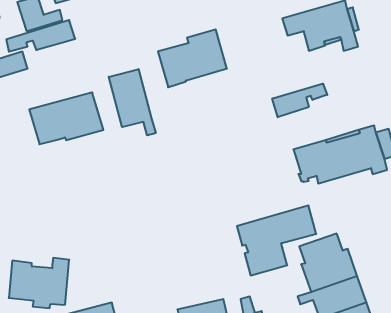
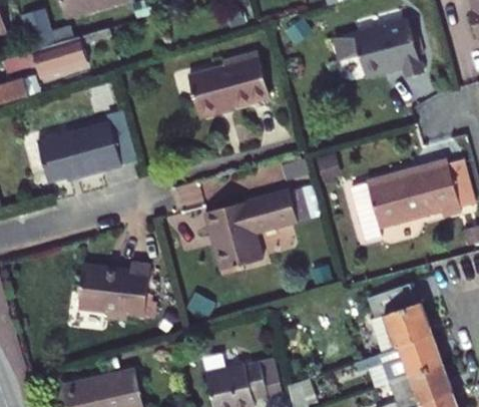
building: [109,69,156,135] -> none
building: [272,84,327,117] -> none
building: [237,206,316,275] -> [207,188,301,271]
building: [9,258,69,308] -> [84,259,155,318]

